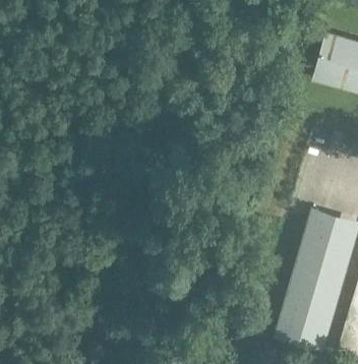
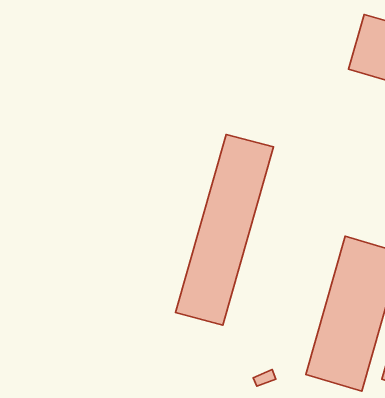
building: none -> [176,134,274,325]

